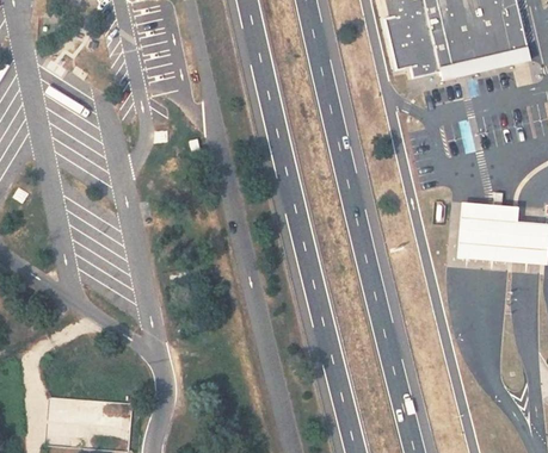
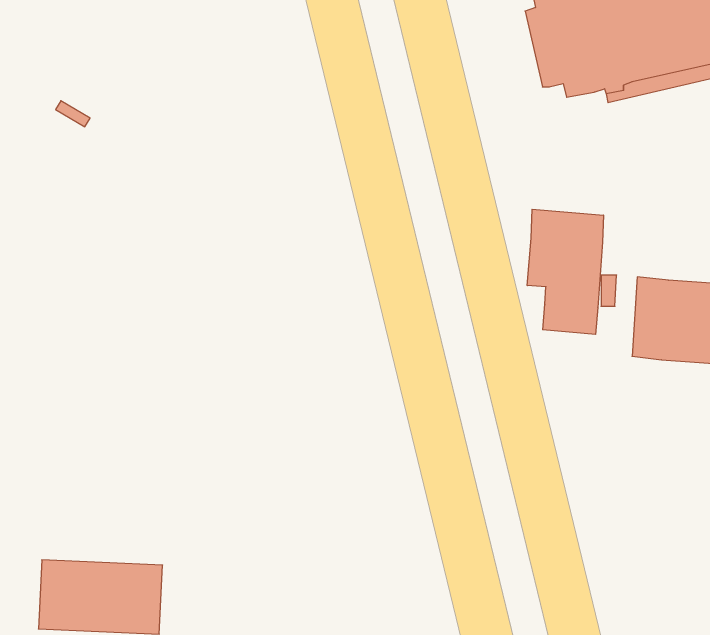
building: none -> [527,209,603,334]

